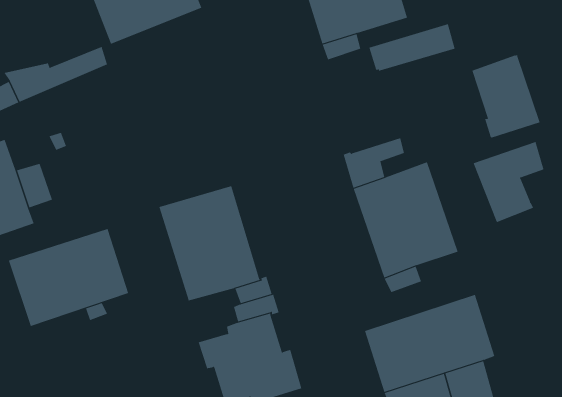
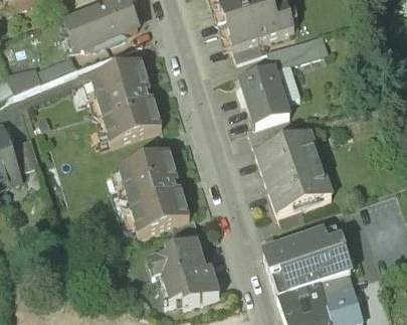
building: none -> [92,56,165,141]
building: [472,55,541,138] -> [239,68,288,128]
building: [473,141,544,223] -> none
building: [8,228,129,327] -> none

